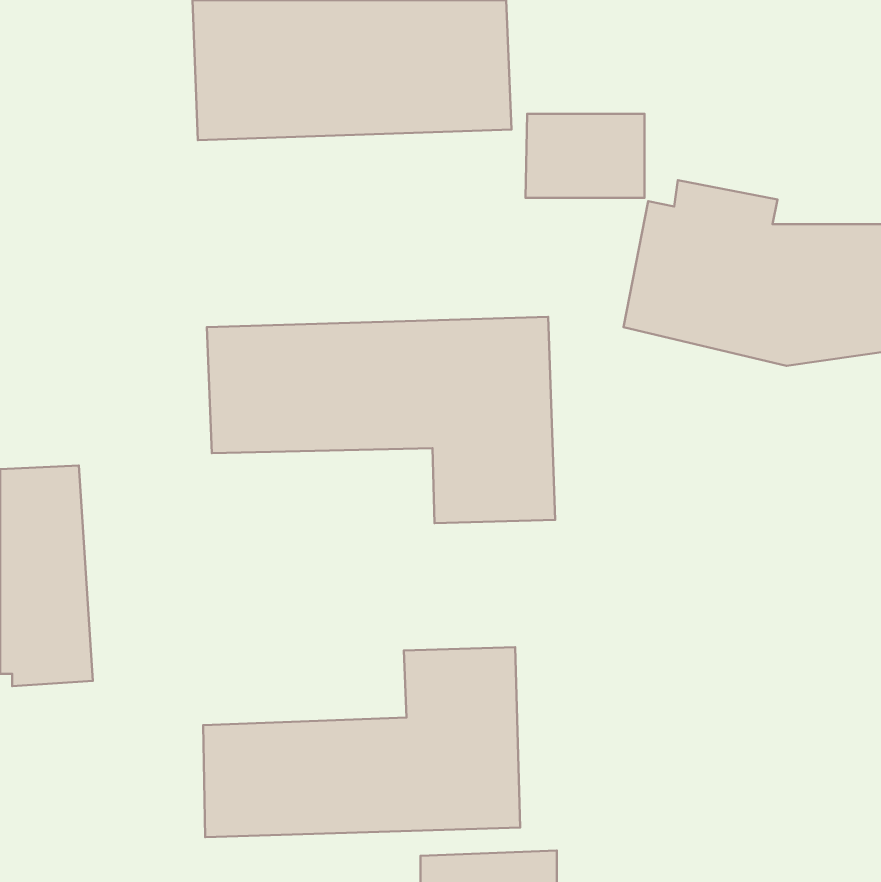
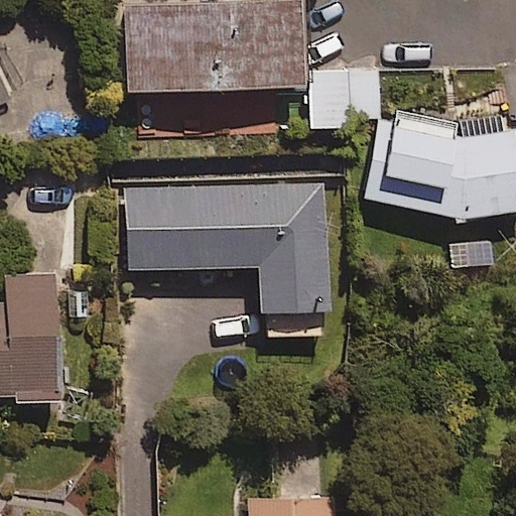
building: [203,647,520,837] -> none

